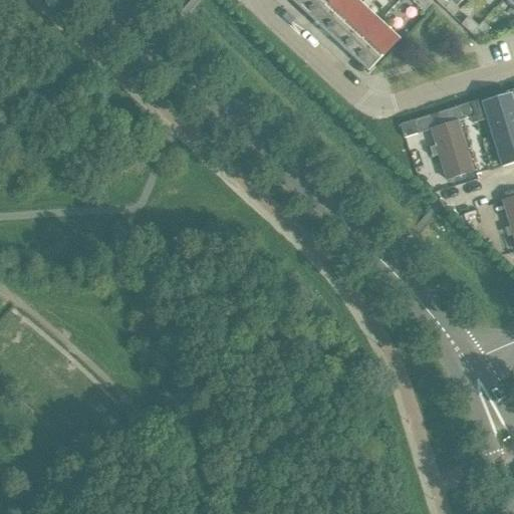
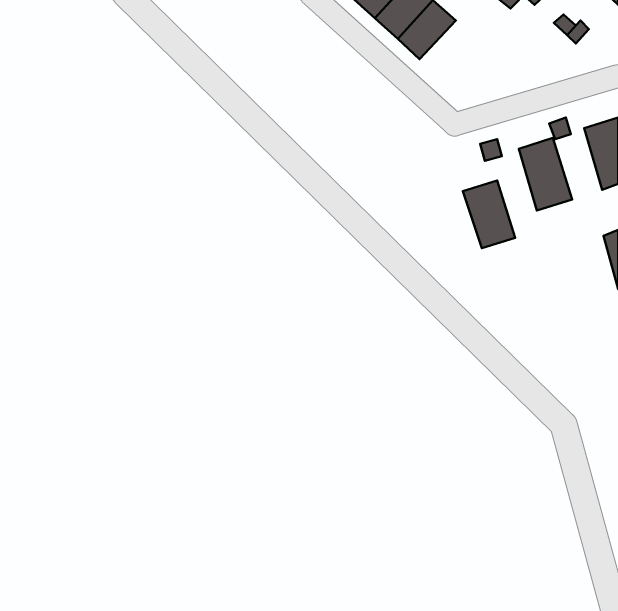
building: [348,17,398,67] -> none
building: none -> [463,180,515,248]

